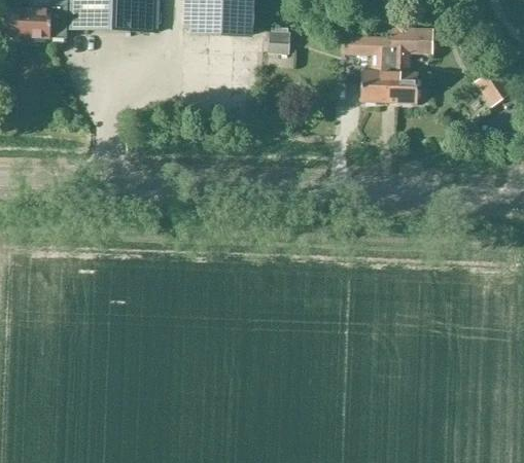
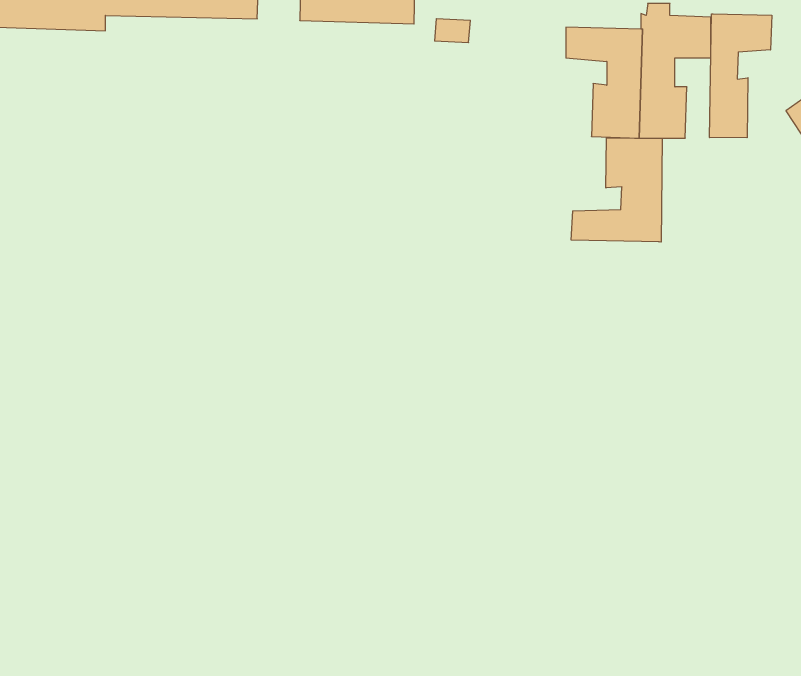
building: none -> [710,14,772,138]
building: none -> [571,138,662,242]

